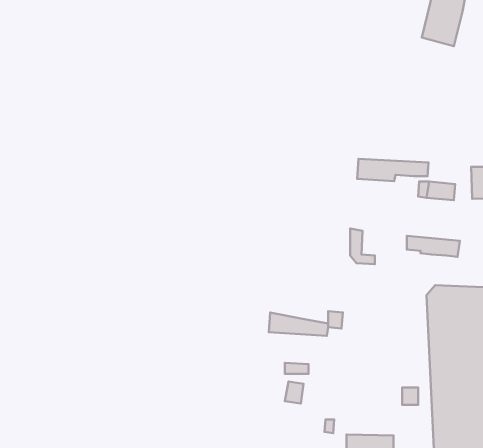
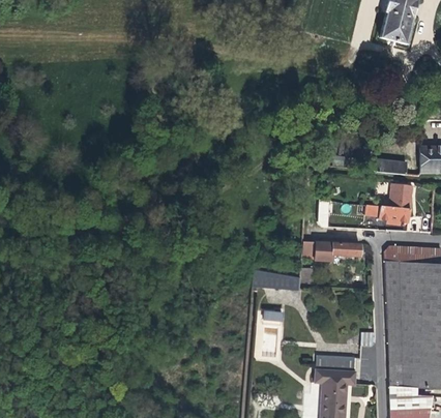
building: [357,159,429,181] -> [301,241,361,260]
building: none -> [390,182,413,208]
building: none -> [316,354,356,371]

